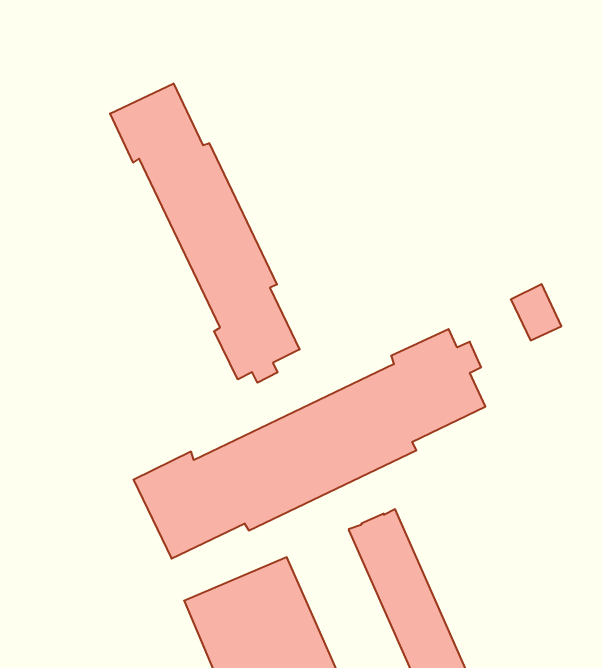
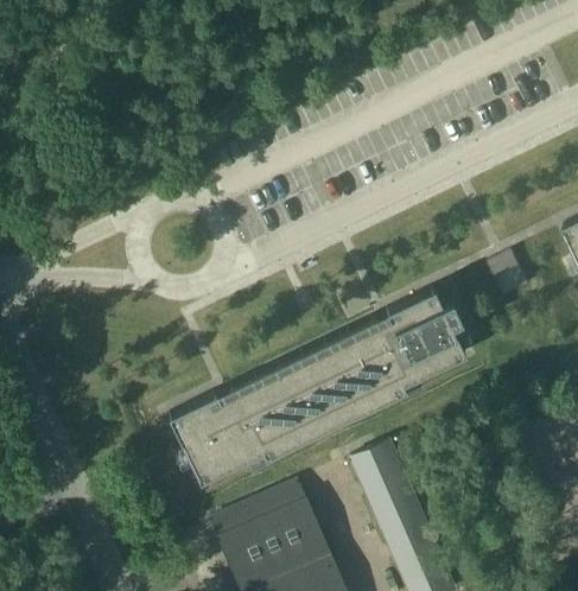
building: [110,83,300,383] -> none

